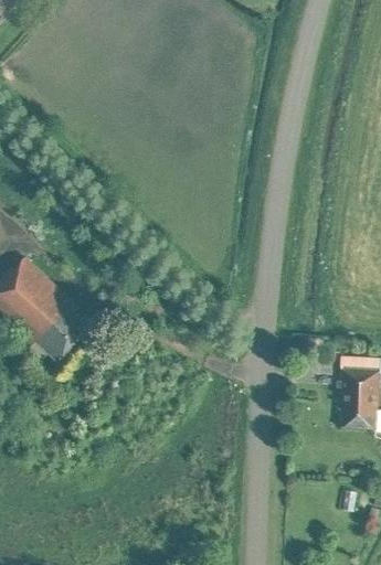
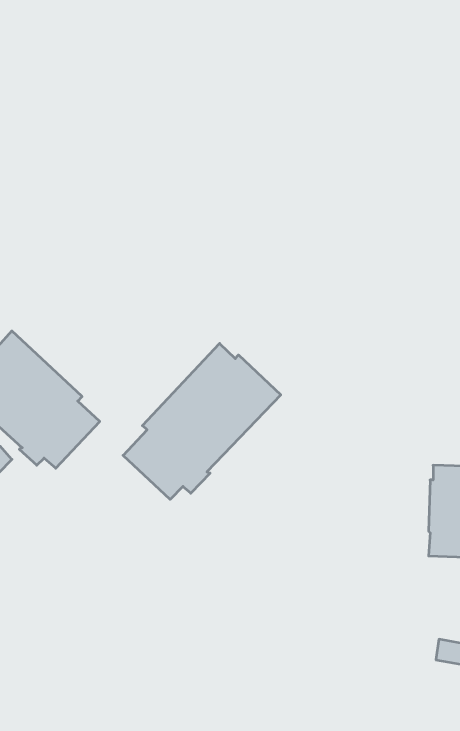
building: none -> [123,343,281,499]

